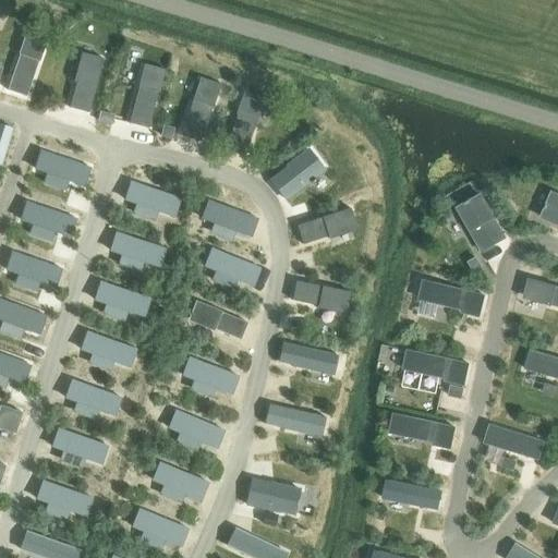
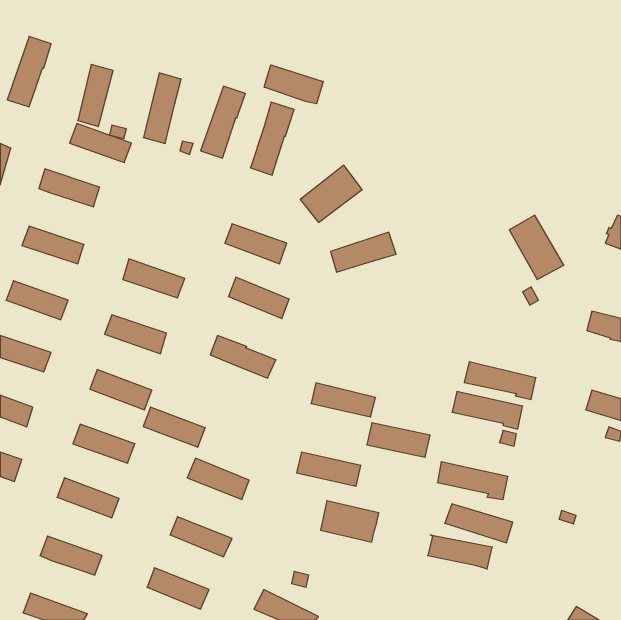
building: none -> [264,65,323,104]
building: [124,182,180,217] -> [70,124,131,163]
building: [291,280,348,311] -> [367,423,430,457]
building: [421,281,485,315] -> [464,362,536,400]
building: [182,357,238,393] -> [143,407,205,447]
building: [484,425,545,460] -> [445,504,513,543]
building: [246,478,299,515] -> [321,501,379,542]

